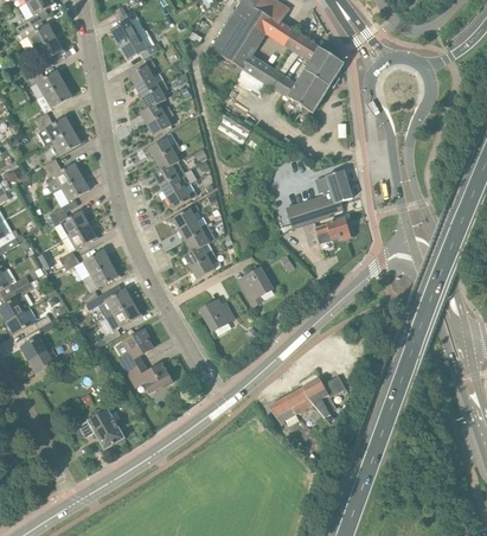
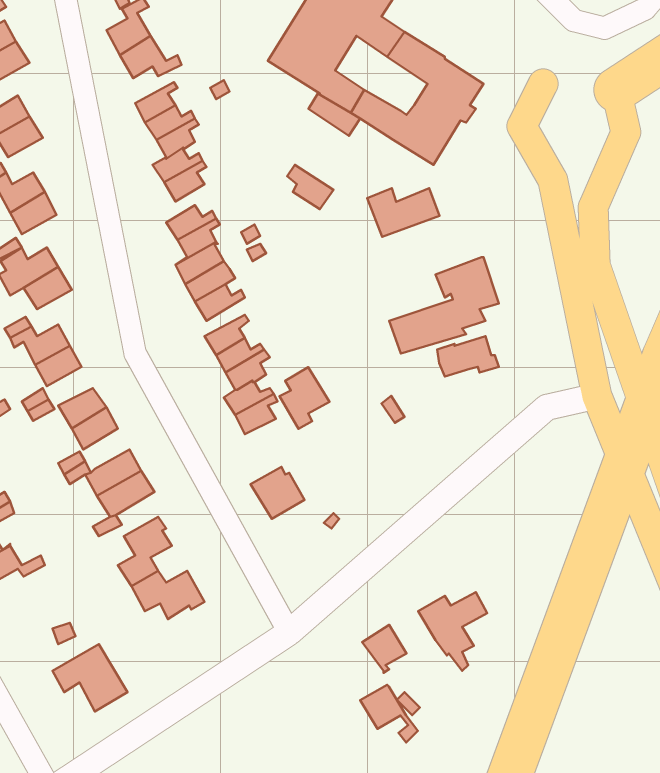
building: none -> [367,188,440,237]
building: [242,267,273,305] -> [279,367,329,429]
building: [286,385,321,421] -> [360,685,418,742]

